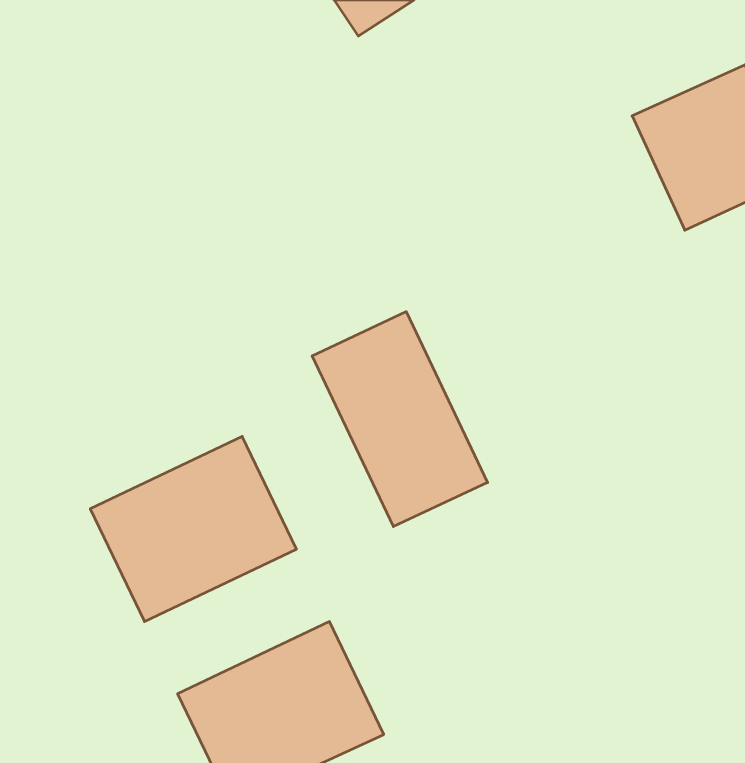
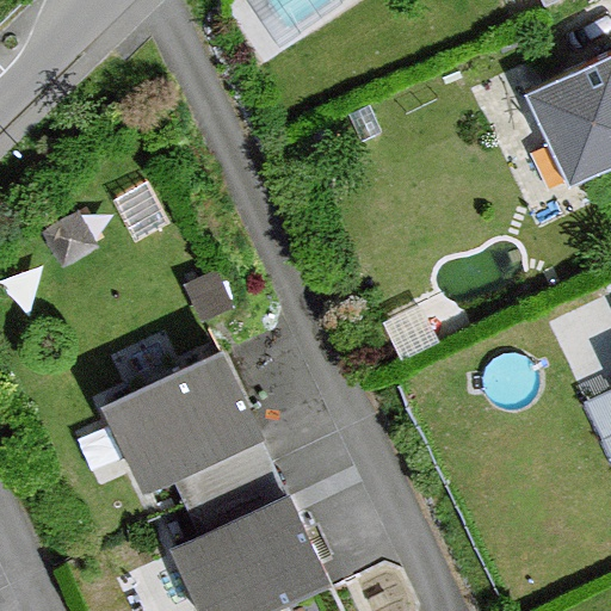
building: [312,312,488,527] -> none

